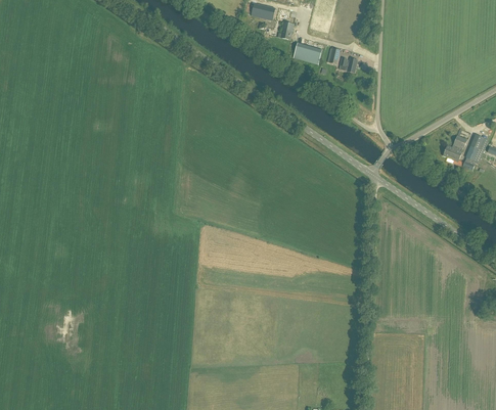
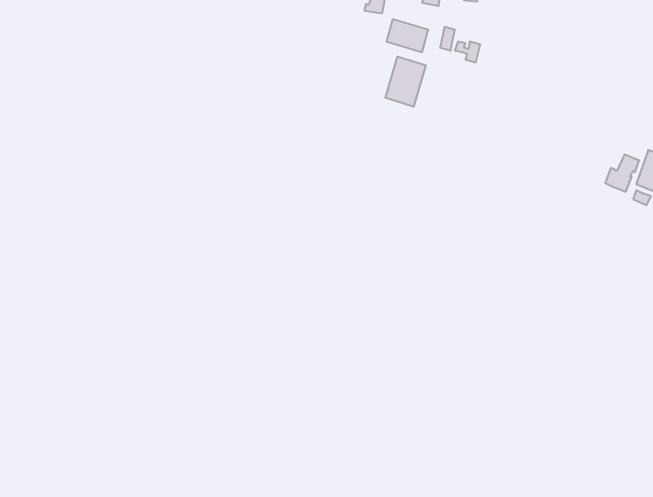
building: none -> [385,56,426,107]

